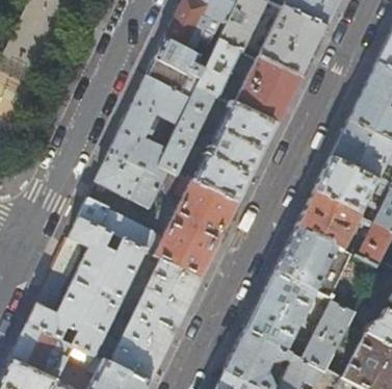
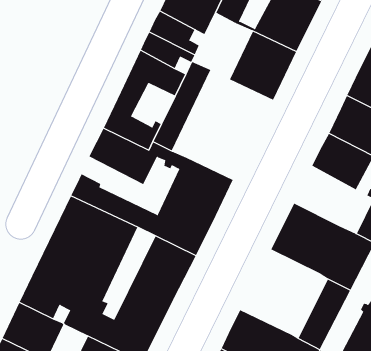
building: [198,38,240,96] -> none
building: [192,102,278,203] -> none
building: [297,189,361,249] -> none
building: [244,271,322,356] -> none

